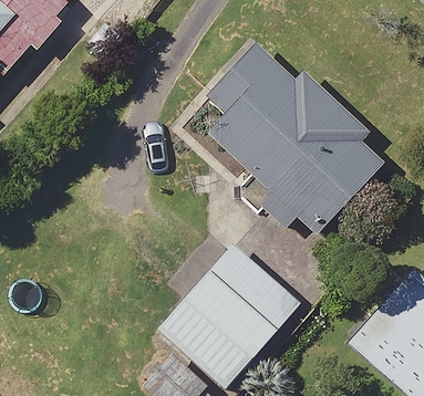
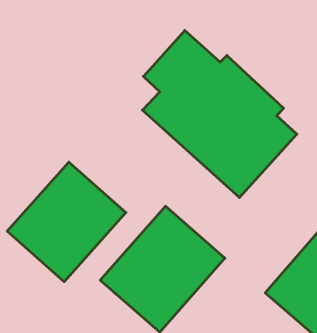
building: none -> [7,162,126,282]

